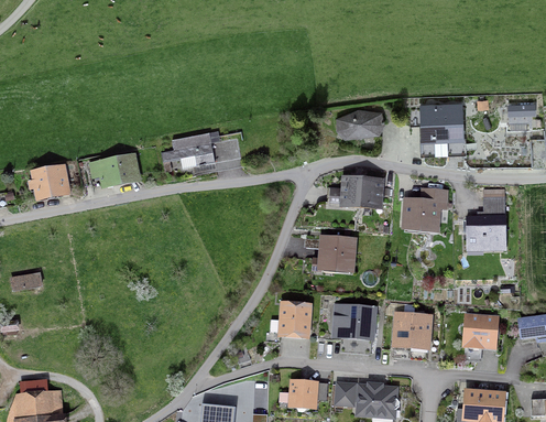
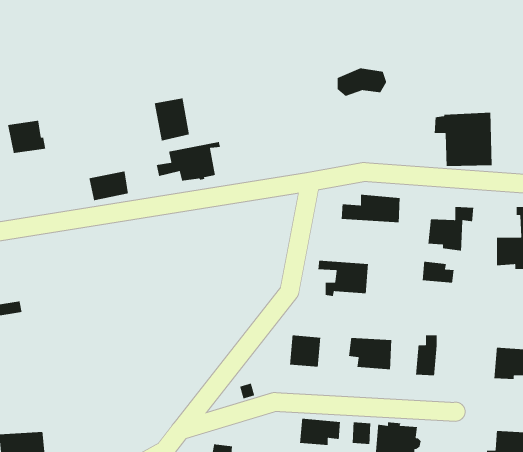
building: none -> [154,98,190,141]
building: [338,110,383,137] -> [337,68,387,97]
building: [34,170,69,201] -> [7,120,46,154]
building: none -> [422,261,455,284]
building: [411,311,430,351] -> none

